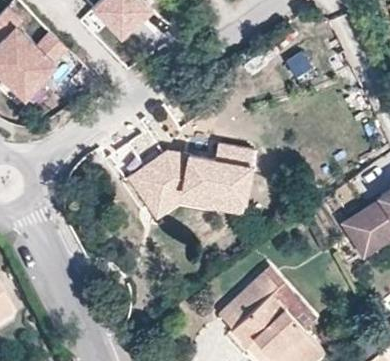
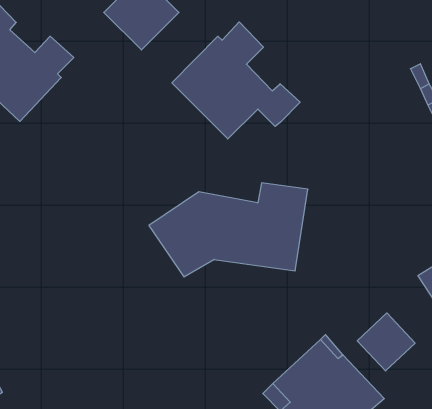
building: none -> [172,22,300,139]
building: none -> [357,313,415,371]

